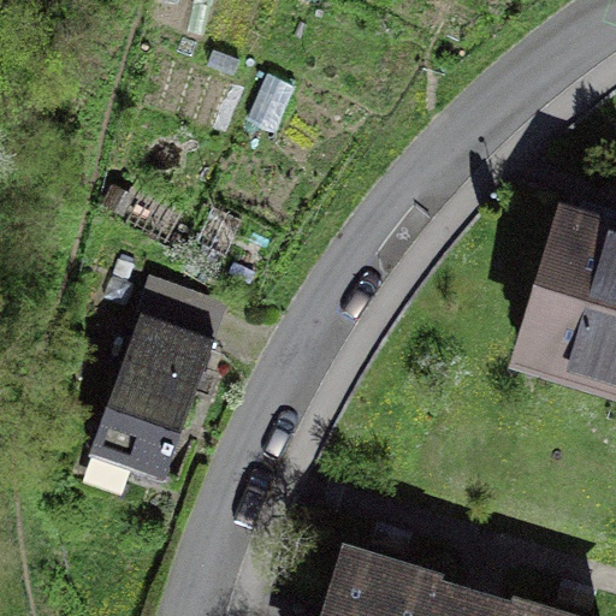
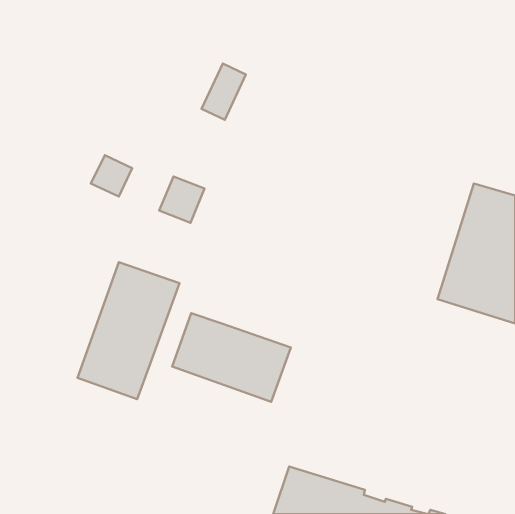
building: none -> [172,313,291,402]

